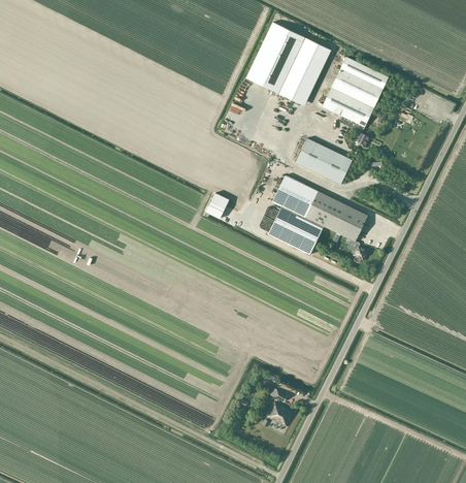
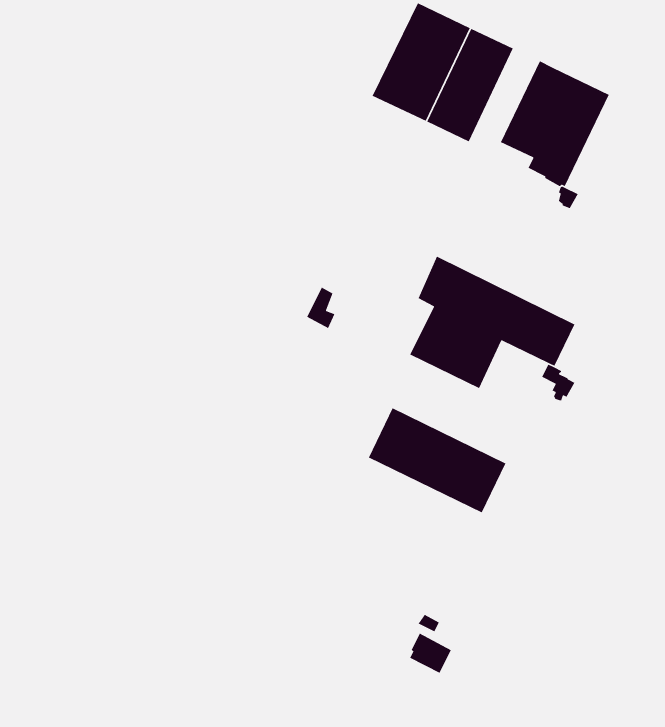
building: [296,137,353,184] -> none
building: none -> [368,407,507,514]

